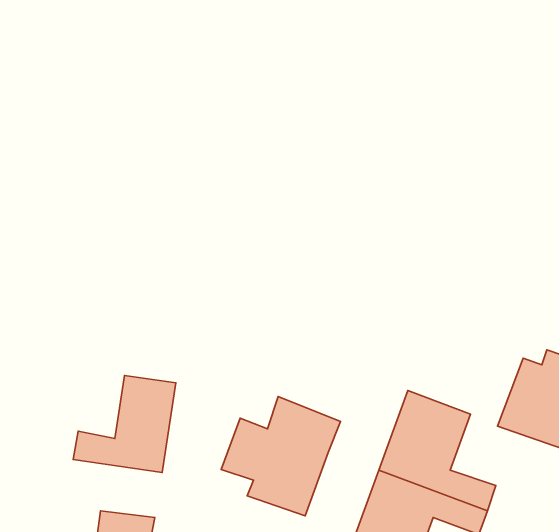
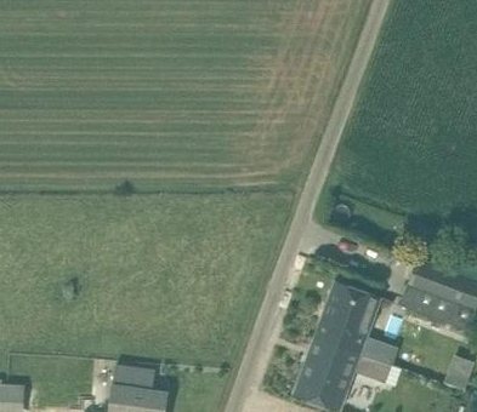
building: [73,376,176,472] -> none
building: [221,397,341,516] -> none

